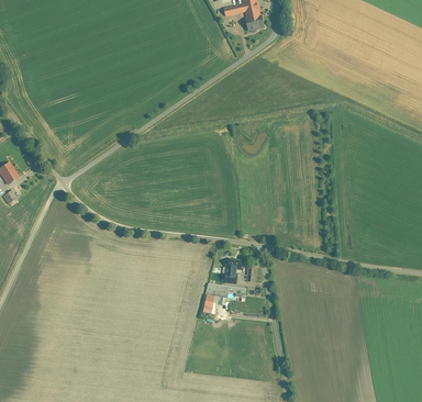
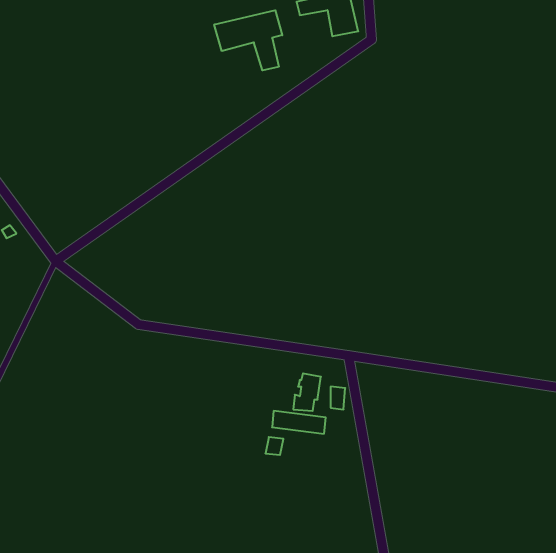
building: none -> [214,10,282,70]

